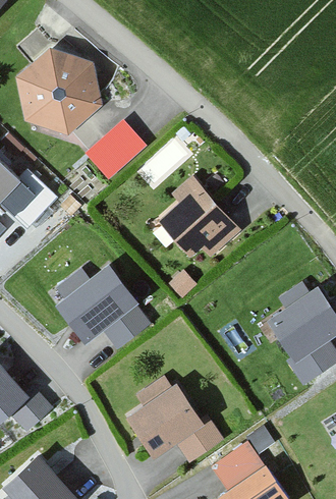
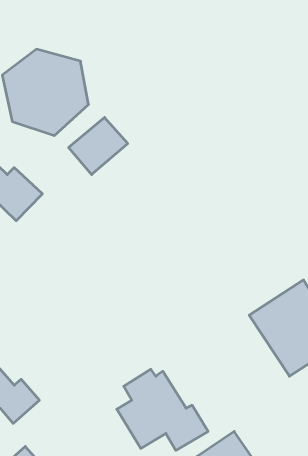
building: [149,175,242,261] -> none
building: [52,264,150,345] -> none

